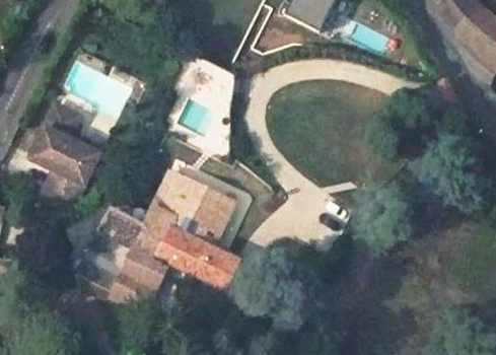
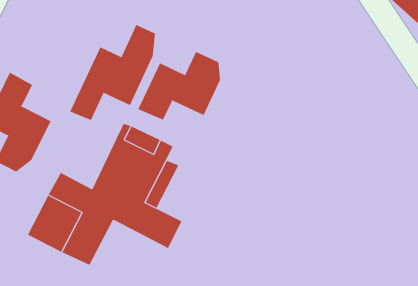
building: none -> [69,24,156,121]
building: none -> [137,51,220,121]

